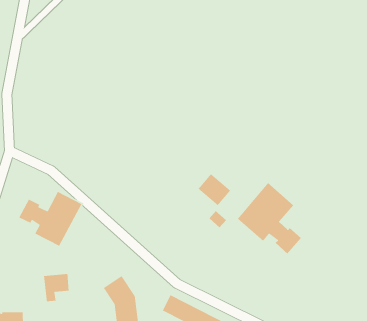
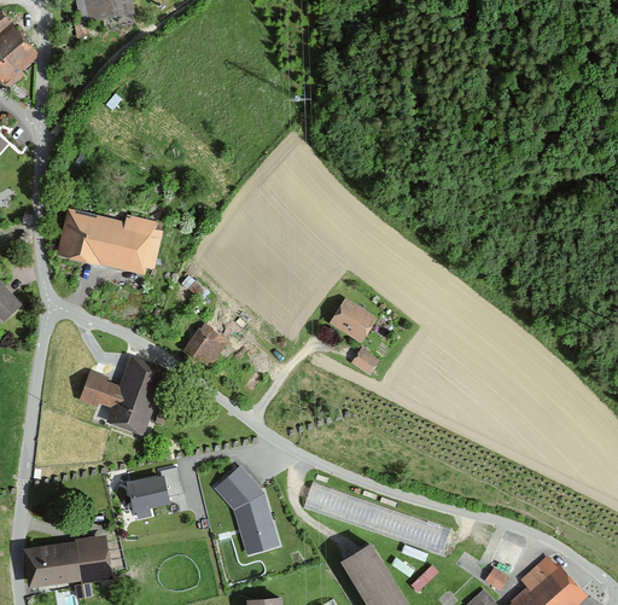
building: none -> [57,209,162,277]
building: none -> [183,325,229,370]
building: [237,182,302,255] -> none

